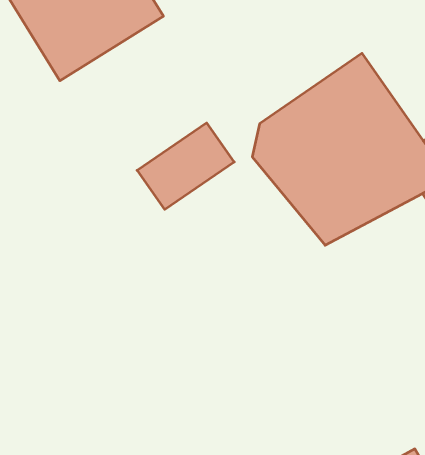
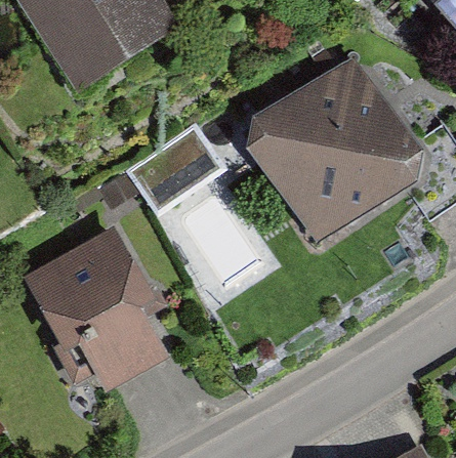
building: none -> [18,231,161,395]

